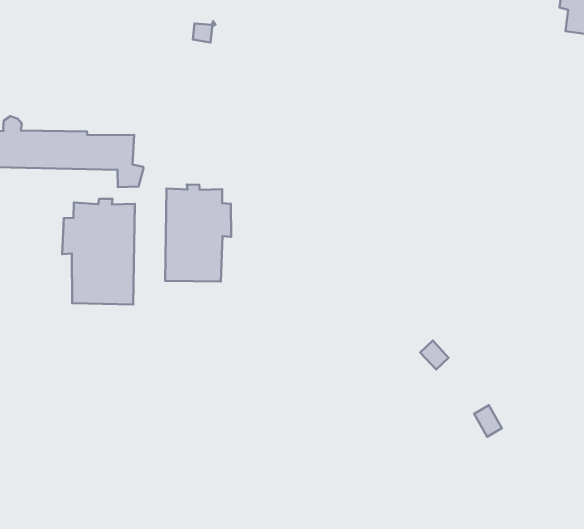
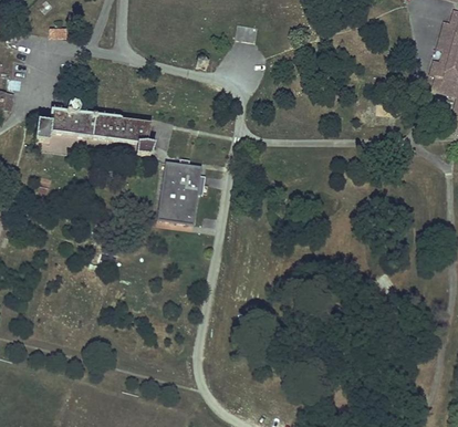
building: [62,199,135,304] -> none

